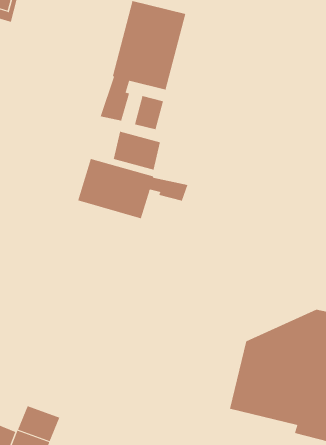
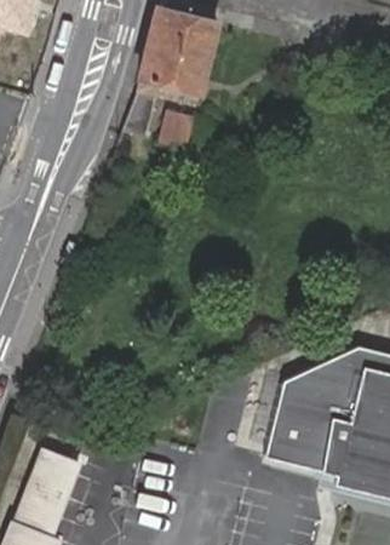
building: [113,131,160,171] -> none
building: [77,158,188,219] -> none

